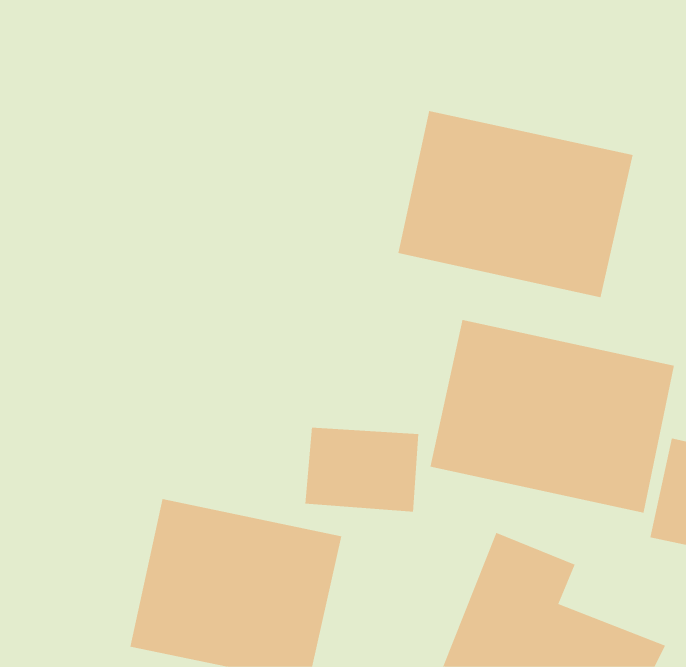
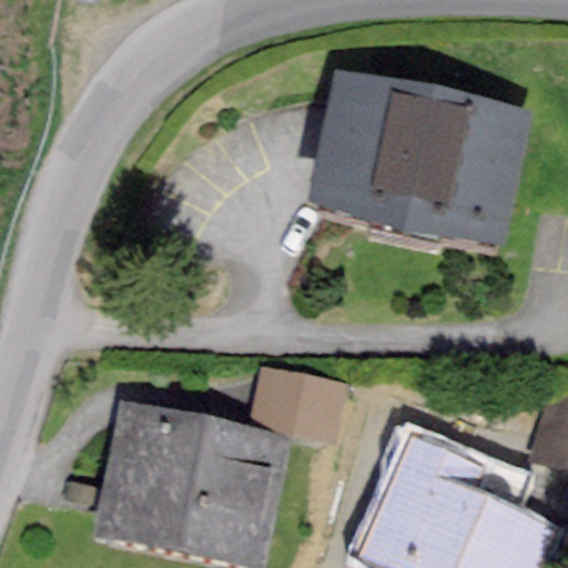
building: [430,319,675,514] -> none

